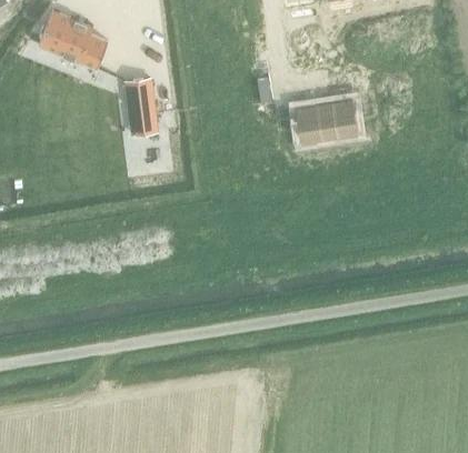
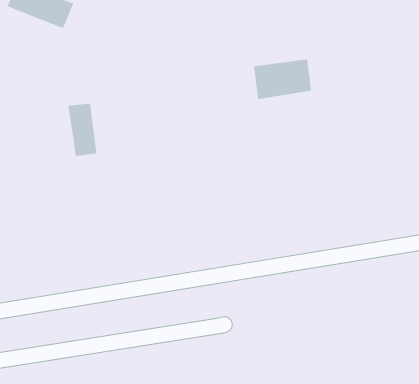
building: [125,81,156,137] -> [67,103,97,157]

